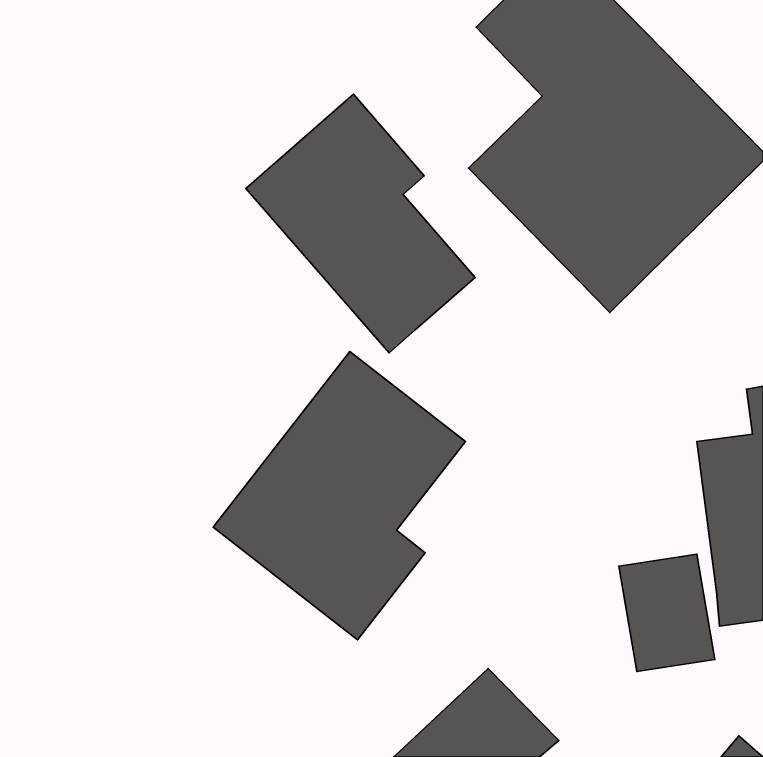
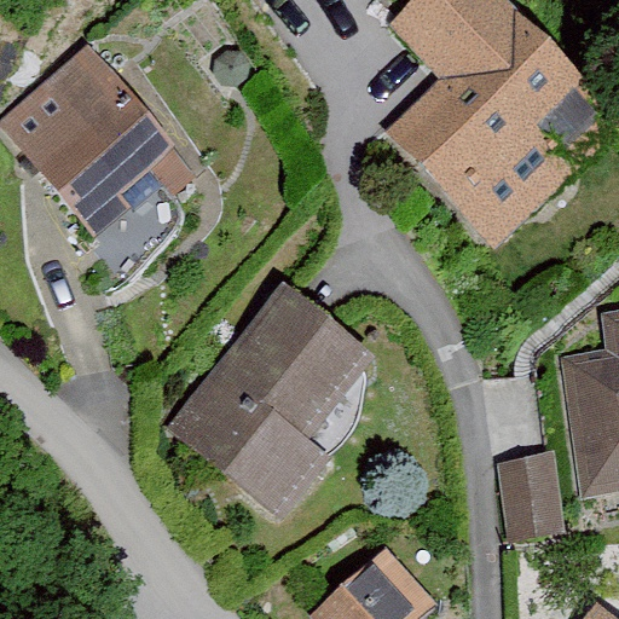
building: none -> [10,53,184,231]
building: [246,94,475,353] -> none

